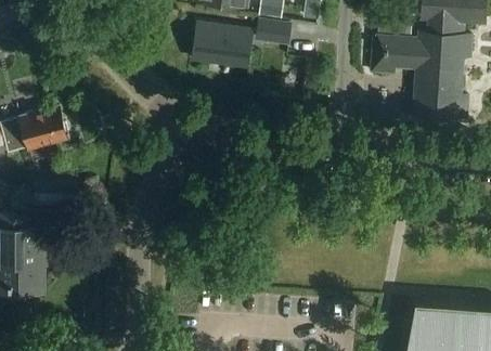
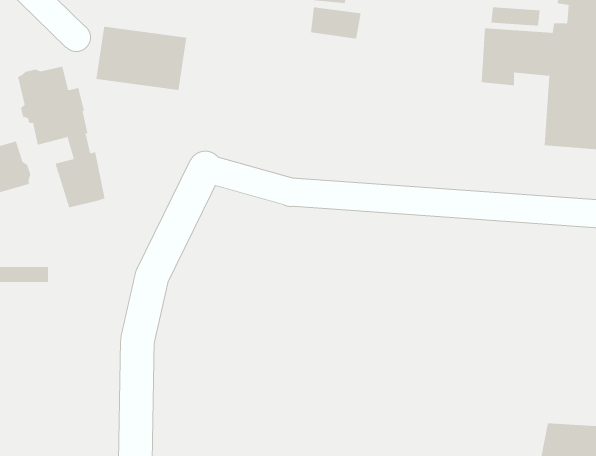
building: [191,24,253,67] -> [95,26,187,91]
building: none -> [17,66,105,208]

